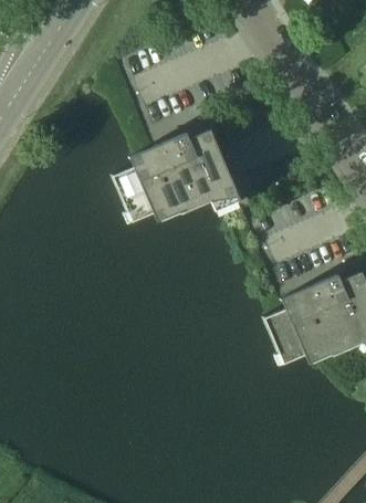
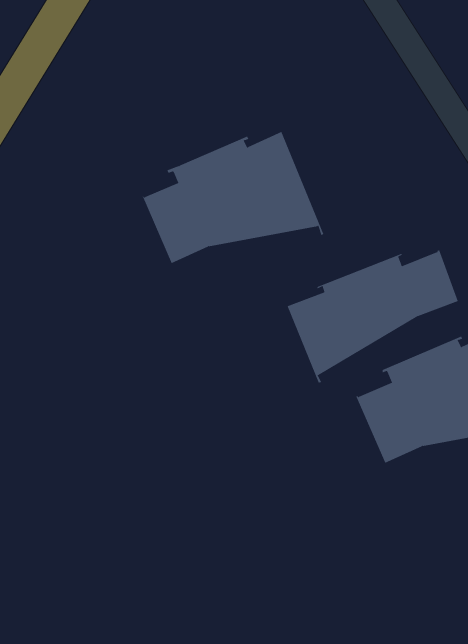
building: none -> [287,250,458,384]

